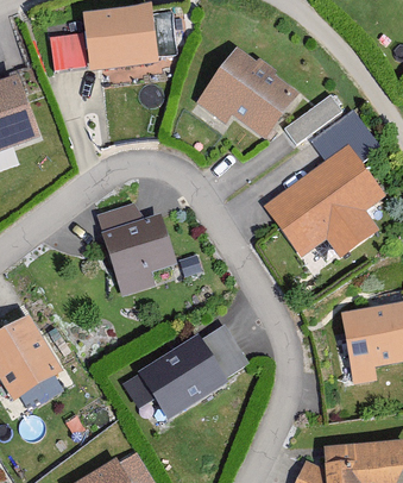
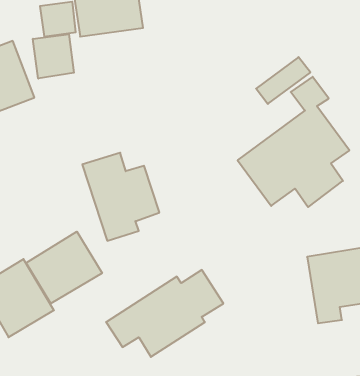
building: [195,42,303,138] -> none
building: none -> [33,34,74,79]
building: none -> [26,232,102,304]

